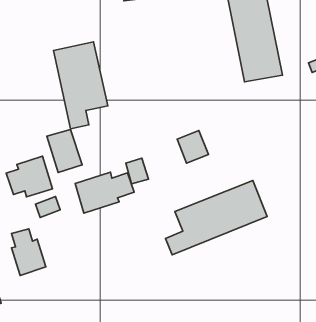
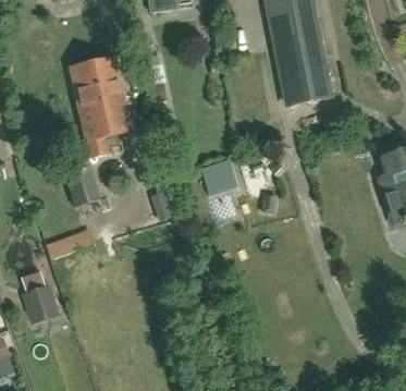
building: [6,156,52,197] -> none
building: [75,172,134,213] -> none
building: [165,181,267,255] -> none

